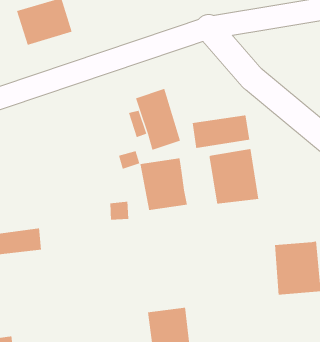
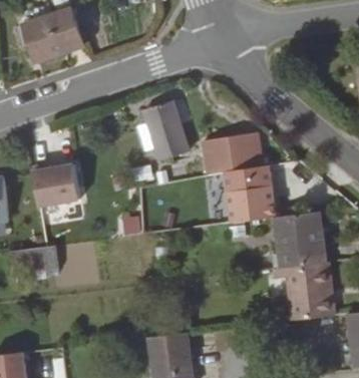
building: none -> [28,166,79,214]
building: [140,157,188,211] -> none
building: none -> [272,211,325,265]

